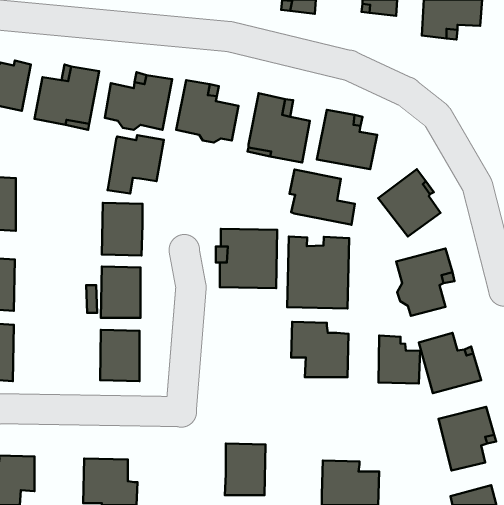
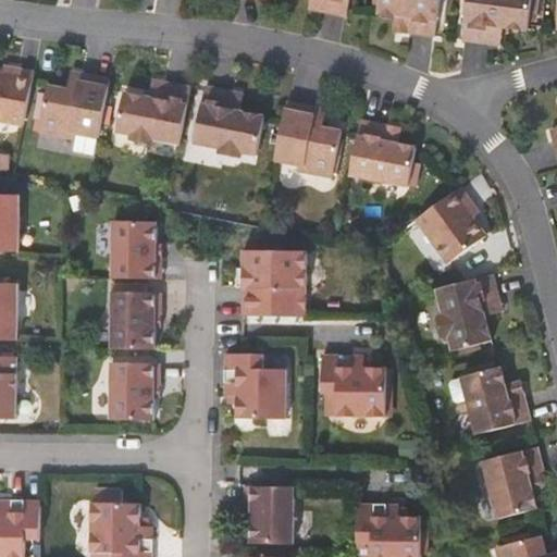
building: [107,135,164,193] -> none
building: [289,169,355,225] -> none
building: [287,237,349,308] -> none
building: none -> [223,355,283,419]
building: [378,336,420,384] -> none

